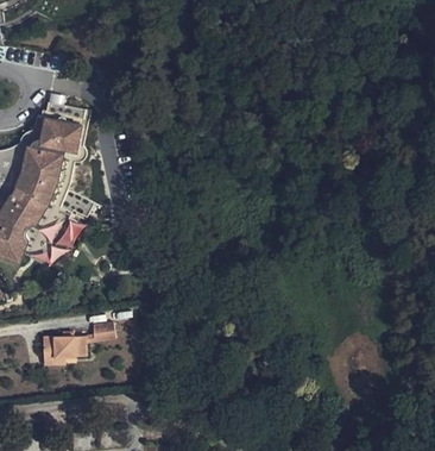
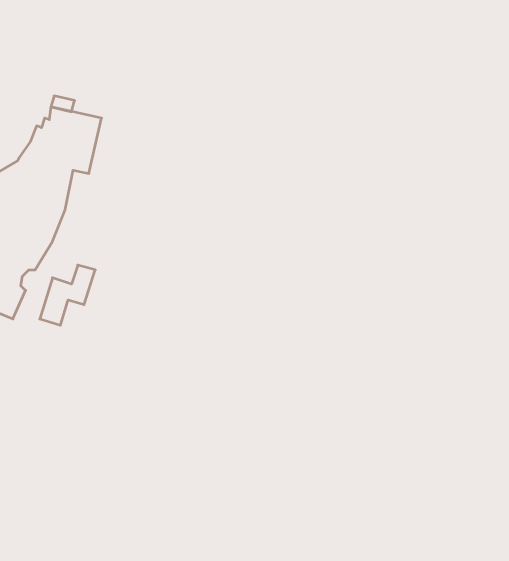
building: [45,322,118,358] -> none

